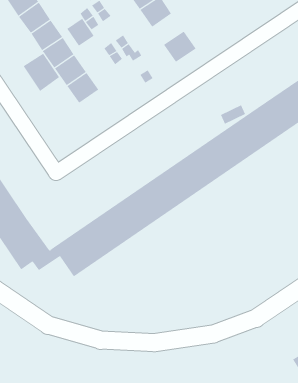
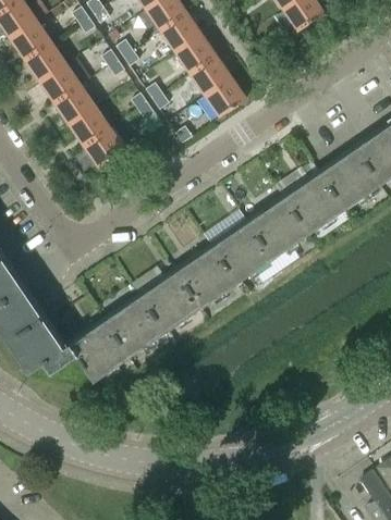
building: none -> [190,54,230,94]
building: [67,18,94,47] -> none
building: [23,53,60,92] -> none

